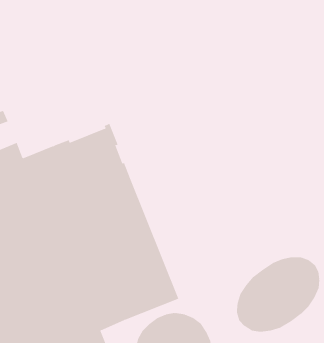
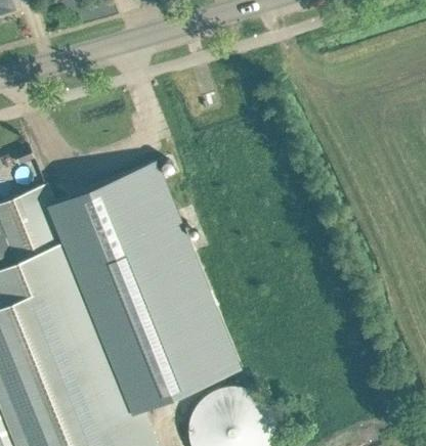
building: [236,256,320,332] -> none

